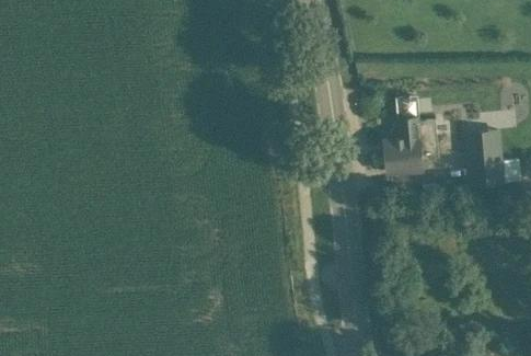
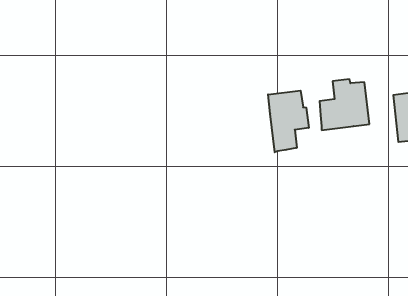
building: none -> [268,91,309,152]

